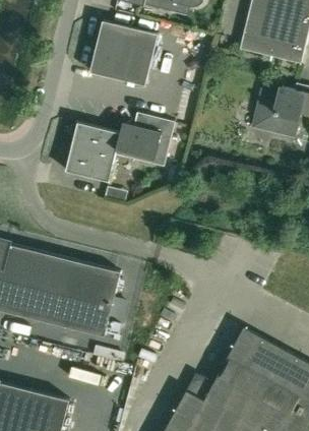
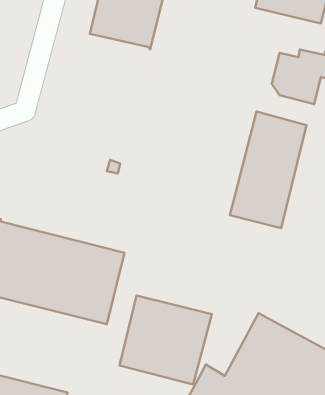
building: [65,113,175,182] -> none
building: none -> [230,112,307,228]
building: none -> [119,295,212,385]

